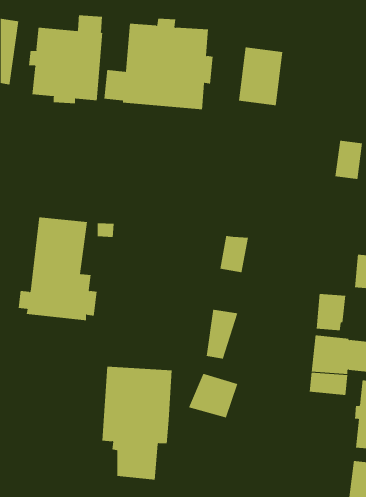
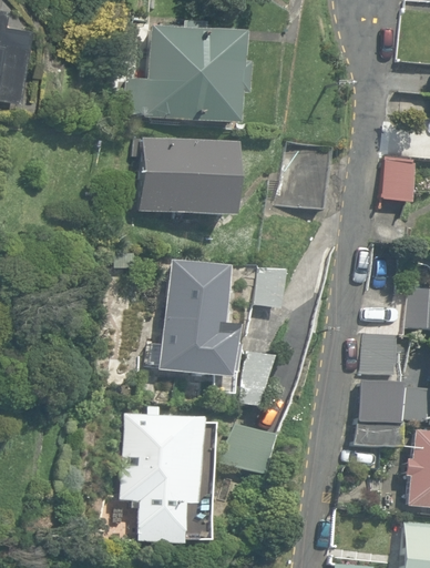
building: [28,14,103,104] -> none
building: [238,47,283,106] -> [283,142,334,209]
building: none -> [139,138,235,217]
building: [18,217,98,321] -> [150,261,239,378]

